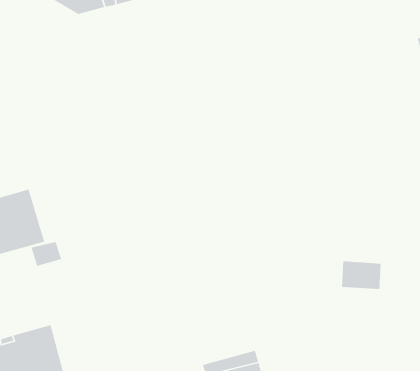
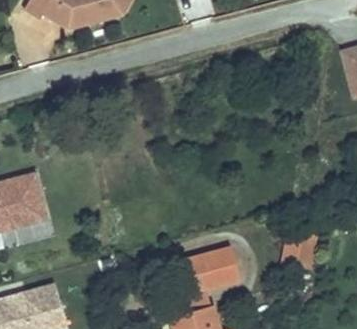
building: none -> [178,247,238,290]

